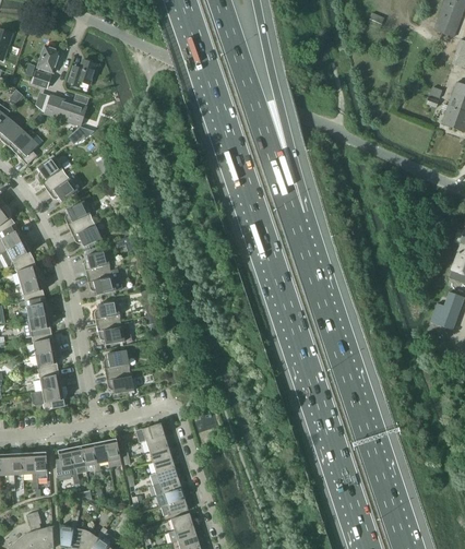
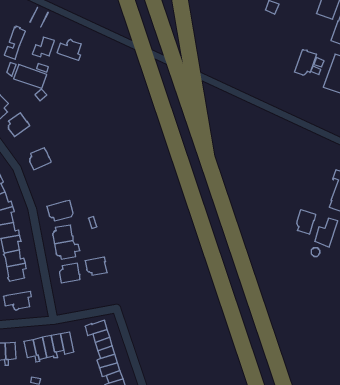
building: none -> [57,39,81,60]
building: none -> [294,50,316,75]
building: [45,172,76,201] -> none
building: [70,219,100,246] -> none
building: [83,250,110,276] -> none
building: none -> [297,210,316,234]
building: [33,368,65,391] -> none
building: [105,370,133,393] -> [85,257,107,275]

